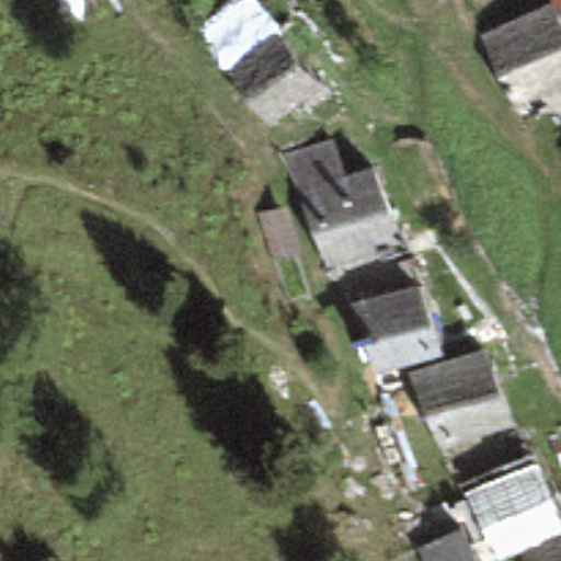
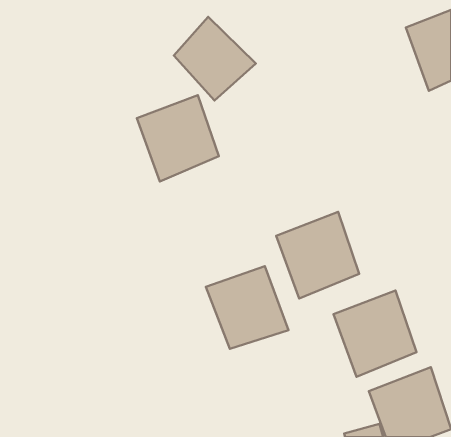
building: [293,152,394,260] -> [137,95,219,182]
building: none -> [206,266,288,349]

